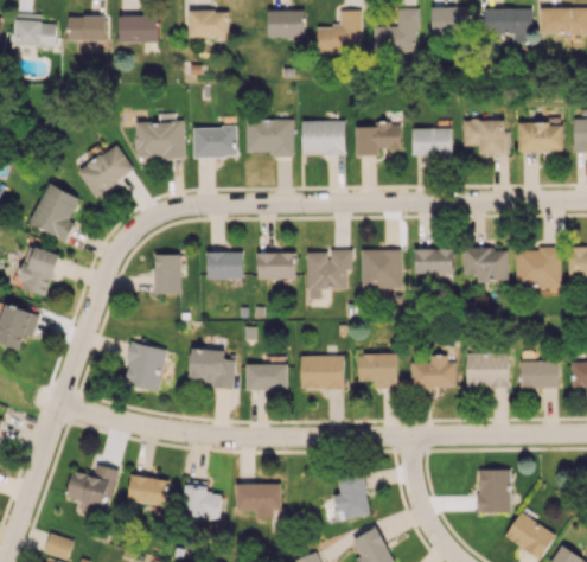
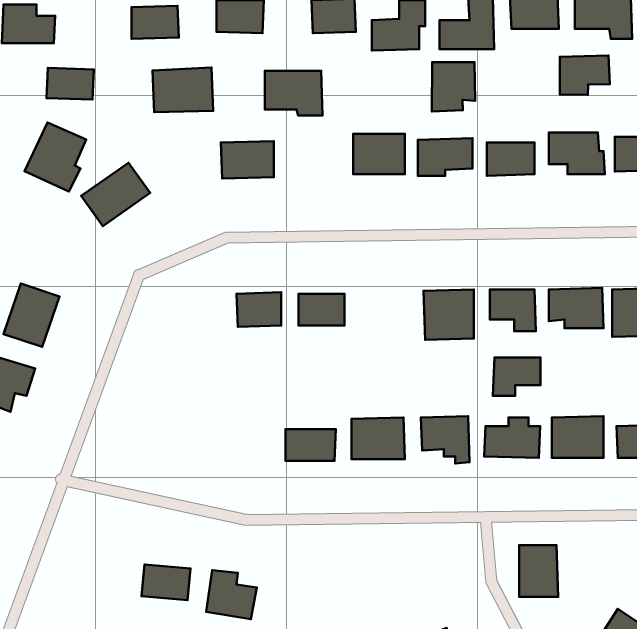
building: [68,15,107,41] -> [46,68,94,100]
building: none -> [560,56,610,95]
building: none -> [432,62,475,112]
building: [247,120,294,157] -> [265,71,322,115]
building: [135,121,185,158] -> [153,68,213,112]
building: [30,184,81,241] -> [24,122,86,191]
building: [308,250,352,299] -> none
building: [154,254,181,294] -> none
building: none -> [493,357,540,396]
building: [123,343,167,394] -> none
building: [190,349,235,389] -> none
building: [65,465,120,517] -> none
building: [479,470,511,512] -> [519,545,558,597]
building: [334,472,371,519] -> none
building: [236,483,281,518] -> none

